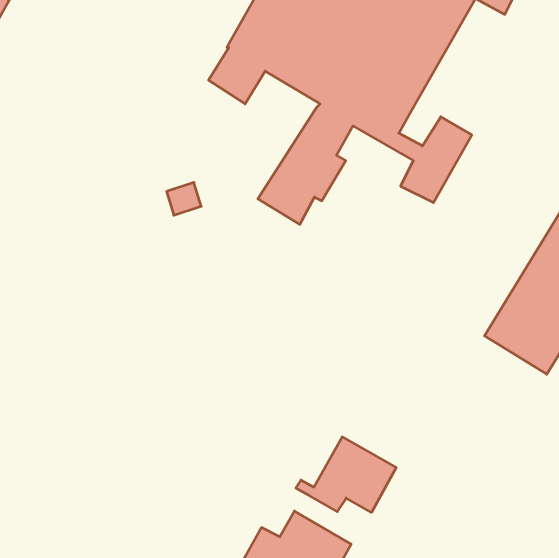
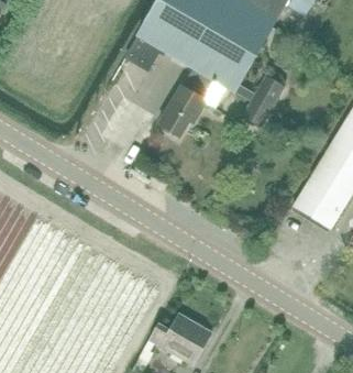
building: [296,437,396,512] -> none

